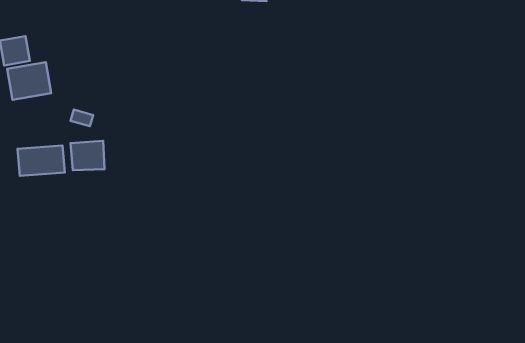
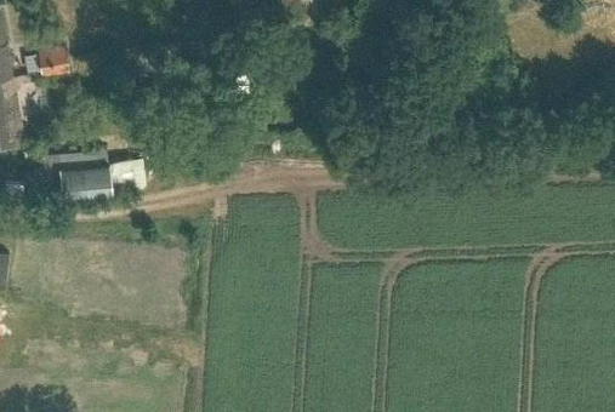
building: [7,62,51,100] -> none

